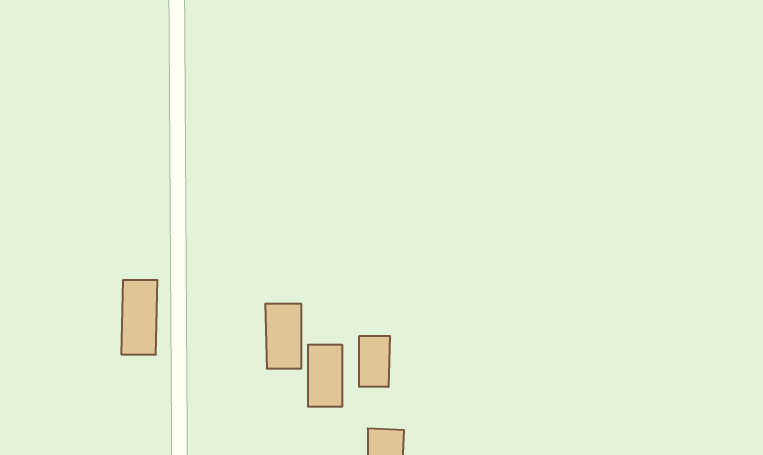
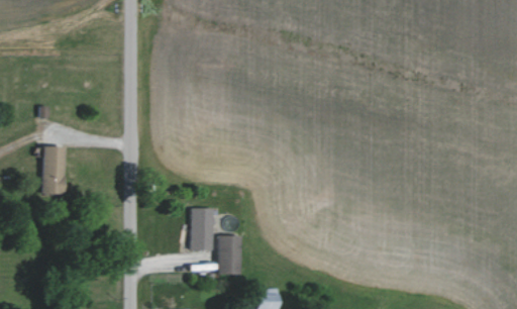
building: [121,280,158,354] -> [43,146,67,194]
building: [359,336,390,387] -> none

